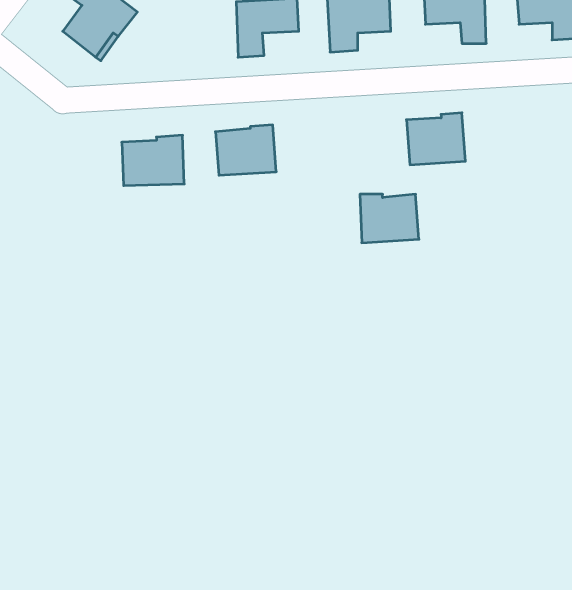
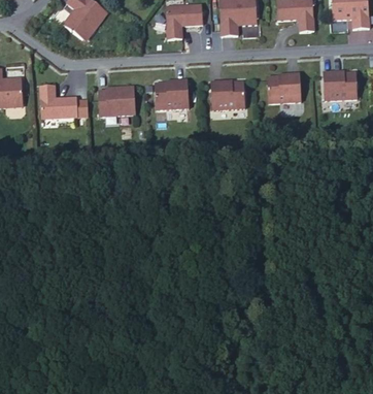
building: none -> [324,70,358,99]
building: none -> [39,85,77,118]
building: [360,194,419,243] -> [211,80,246,109]

